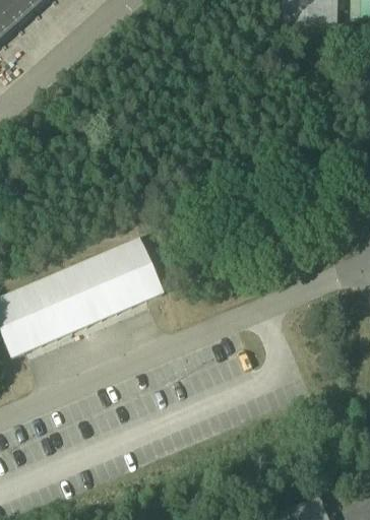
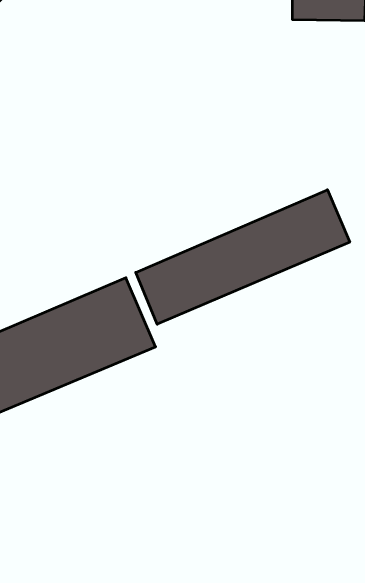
building: none -> [136,190,350,324]

